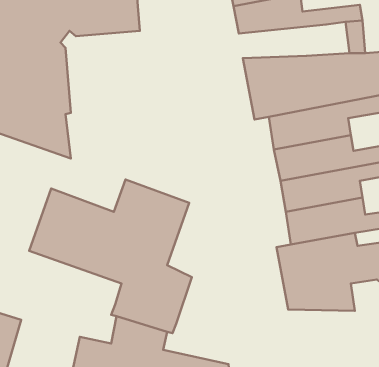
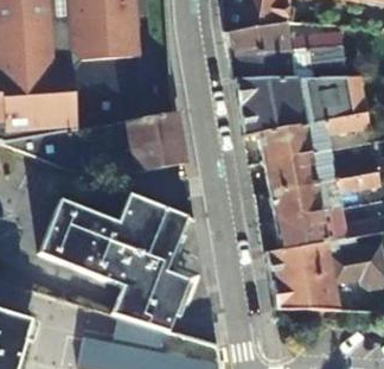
building: none -> [232,49,313,79]
building: none -> [120,110,187,171]

